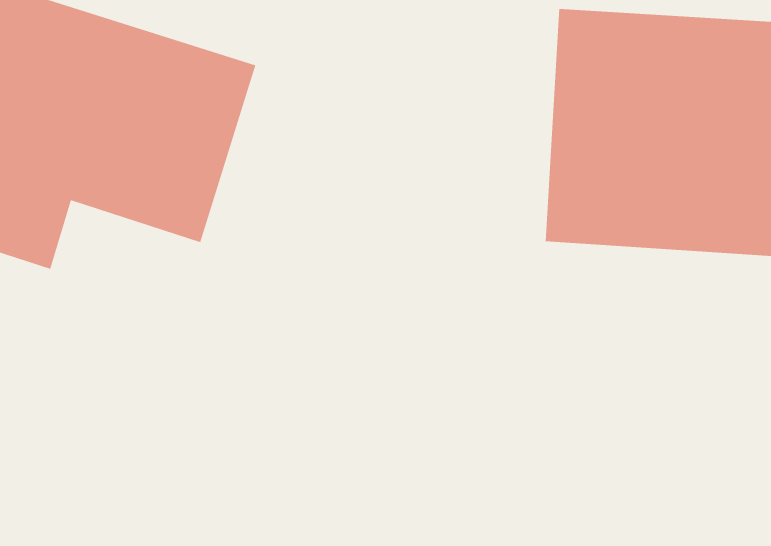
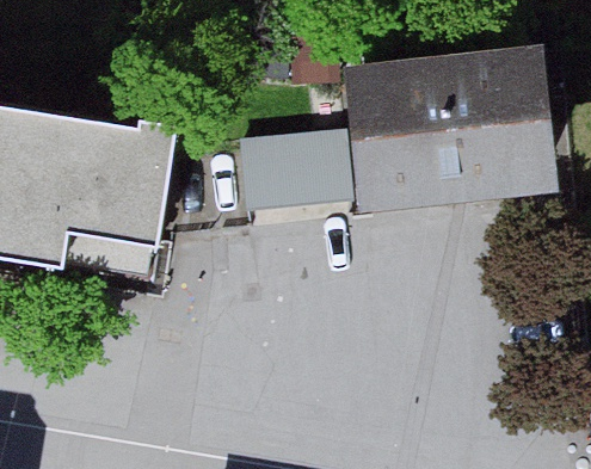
building: none -> [239,132,345,212]

